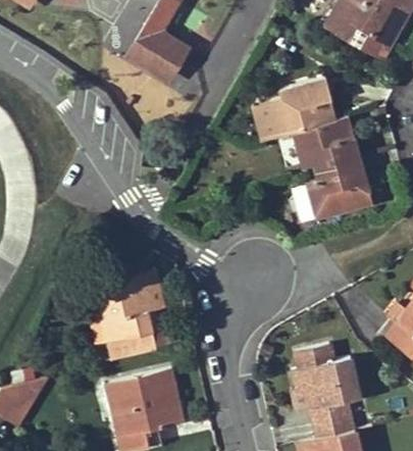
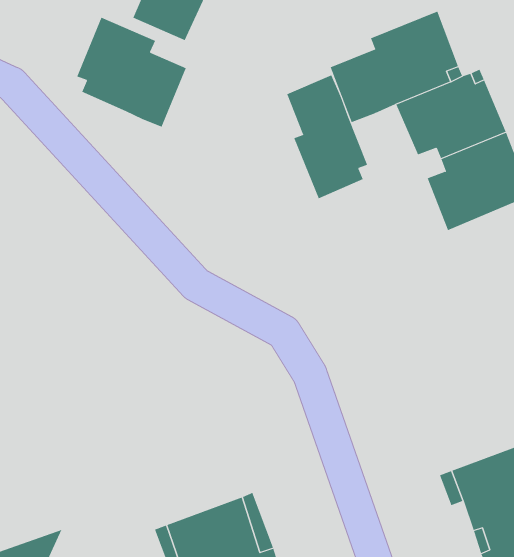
building: none -> [77,17,186,128]
building: none -> [286,74,368,199]
building: [95,268,167,360] -> none

